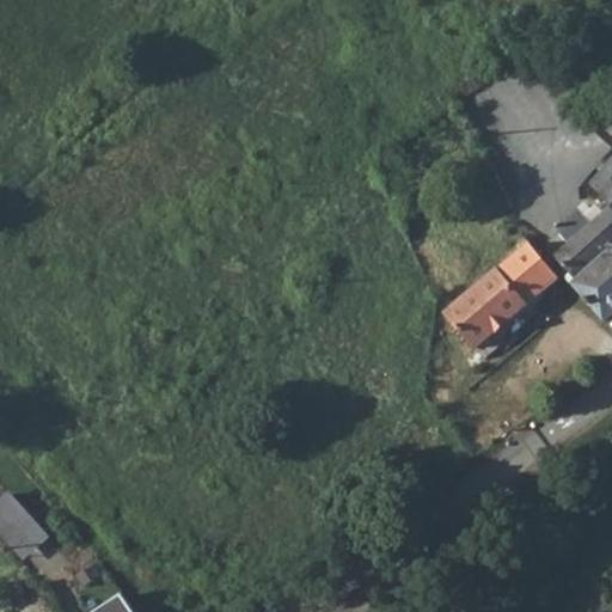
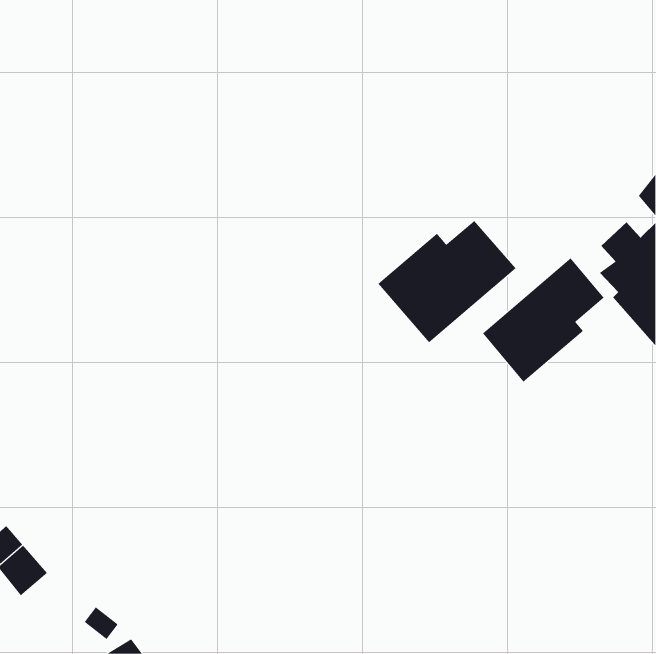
building: none -> [378,220,516,343]

